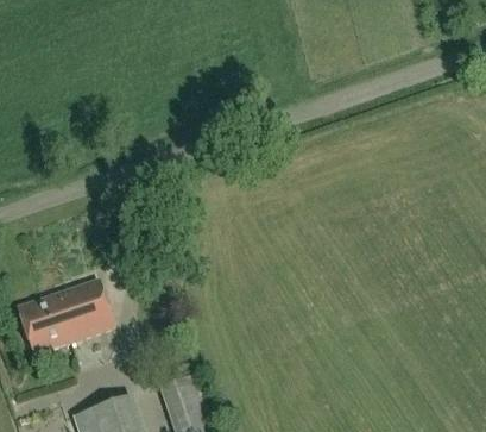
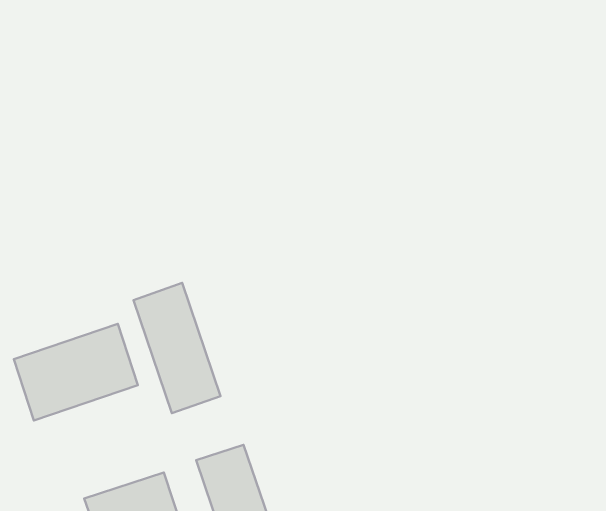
building: none -> [134,283,220,413]

